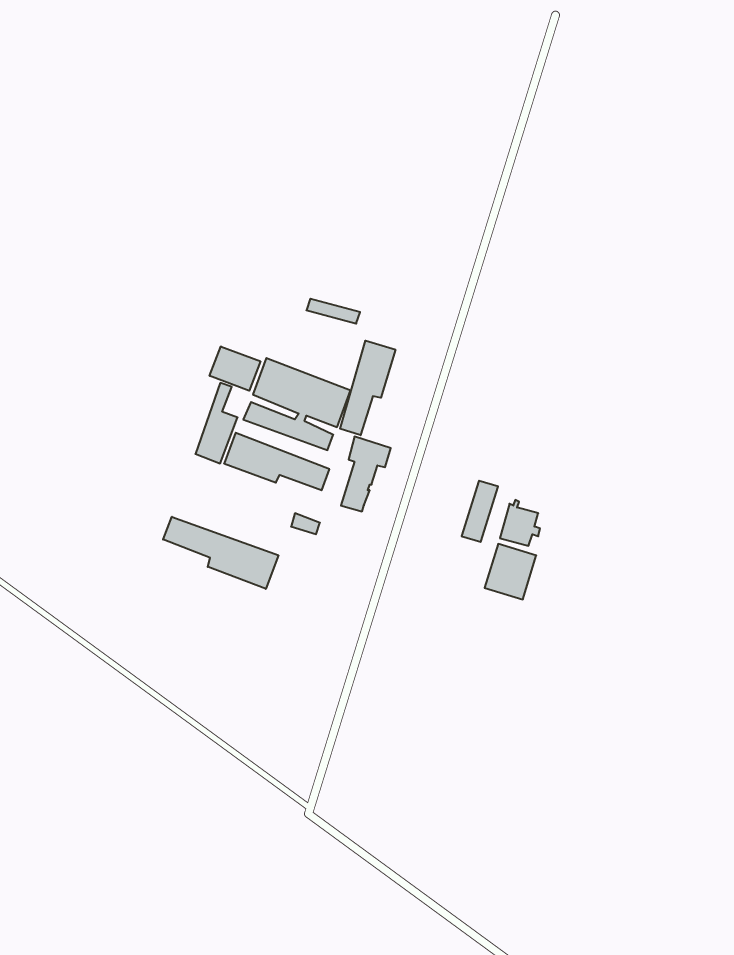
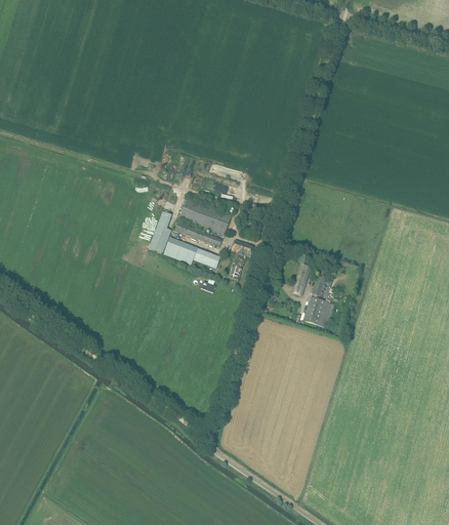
building: [340,341,395,435] -> none
building: [210,346,260,391] -> none
building: [163,517,278,589] -> none

